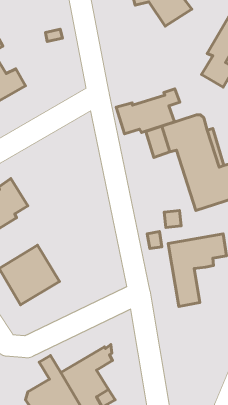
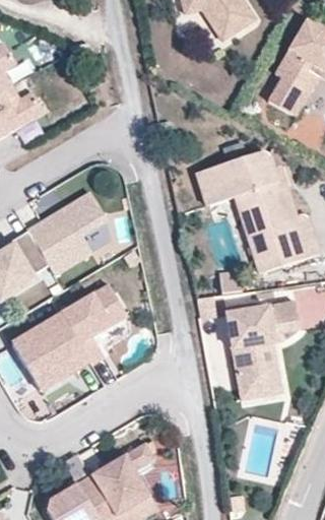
building: [116,89,180,134] -> none
building: none -> [26,192,106,274]
building: none -> [59,282,127,365]
building: none -> [238,341,280,398]

